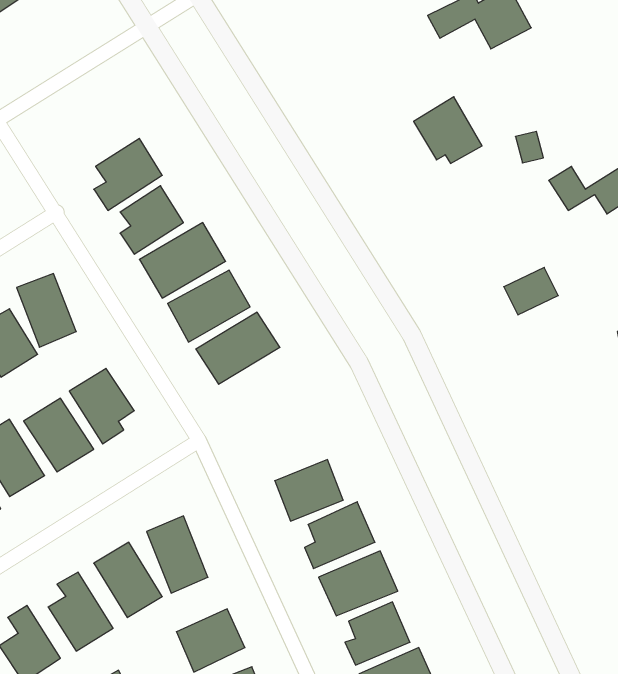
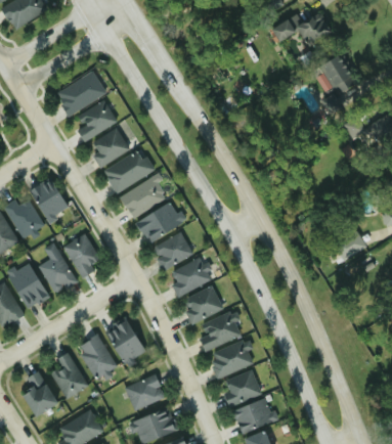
building: none -> [55,71,105,115]
building: [414,97,482,163] -> [315,54,355,93]
building: [504,267,558,315] -> [335,232,366,260]
building: none -> [151,231,192,270]
building: none -> [171,257,210,297]

